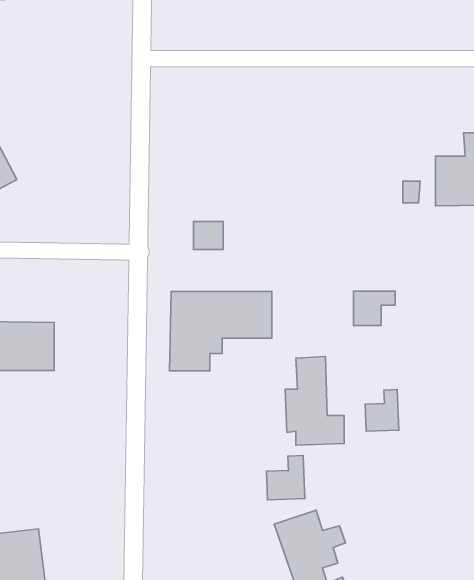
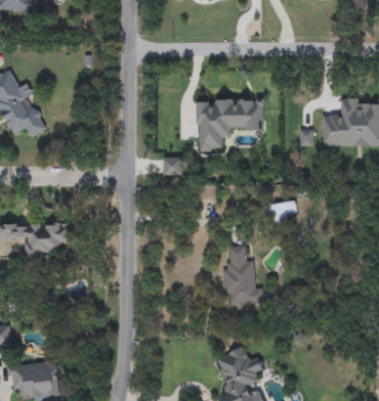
building: [170,292,272,371] -> [196,98,263,150]
building: [365,390,399,431] -> none
building: [267,456,305,500] -> none

